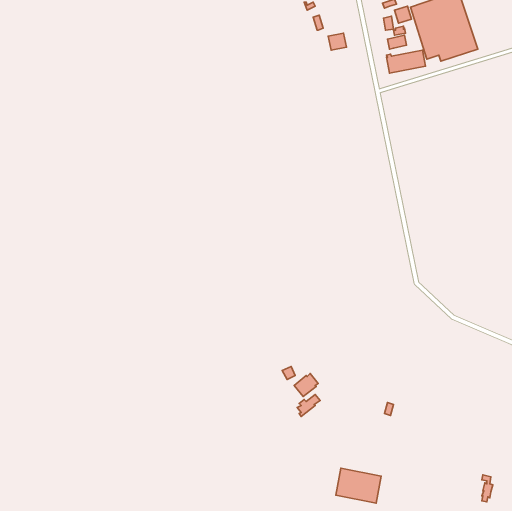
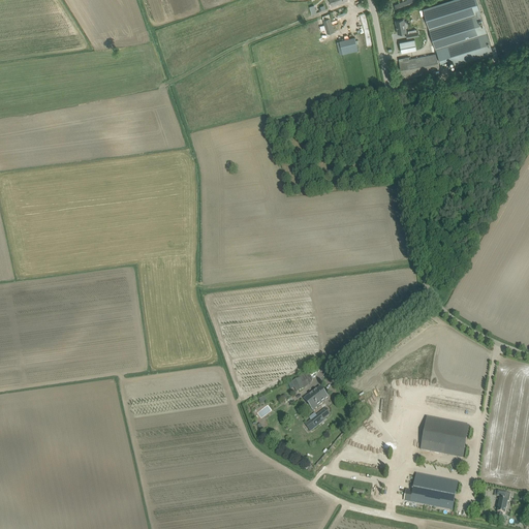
building: none -> [419,415,468,457]
building: [336,468,381,503] -> [410,472,457,508]

